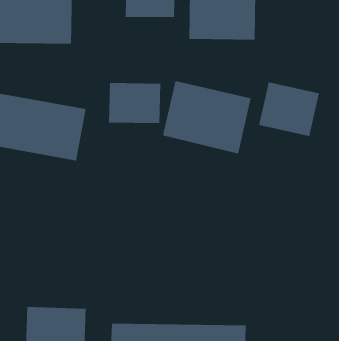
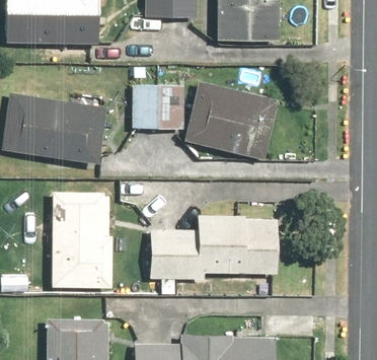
building: [259,81,320,137] -> none
building: none -> [50,189,112,289]
building: none -> [150,214,280,279]

